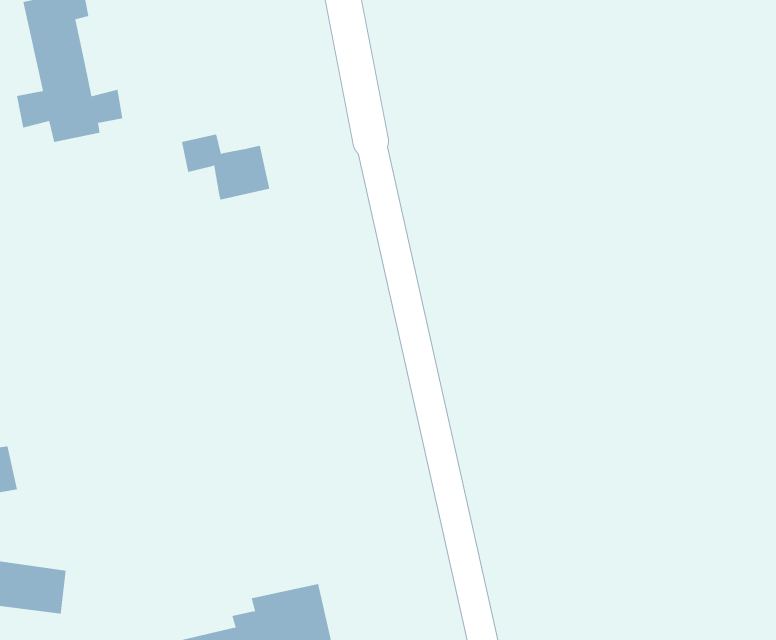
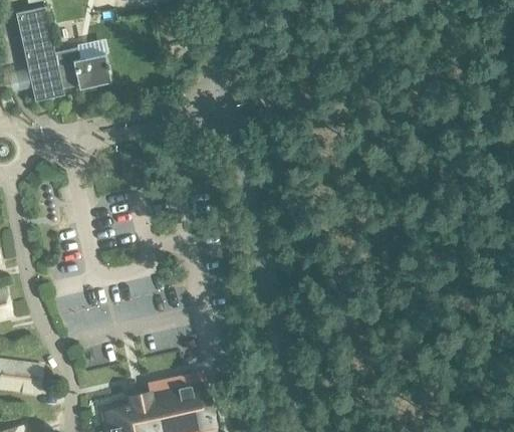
building: [181,134,270,200] -> [54,47,109,88]

